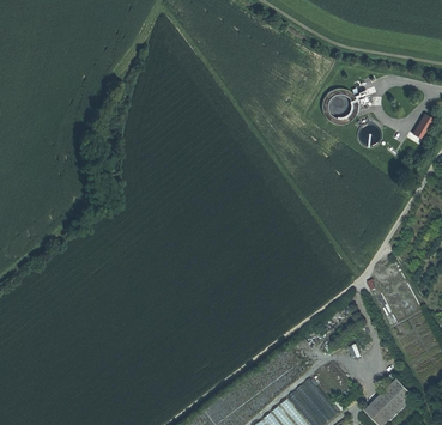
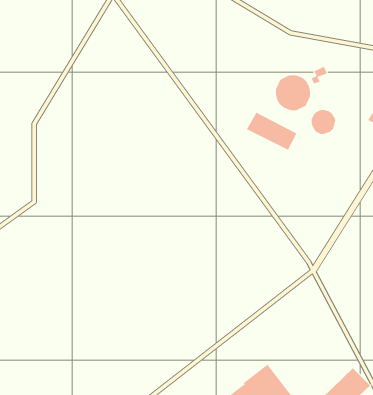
building: none -> [246,112,297,151]

